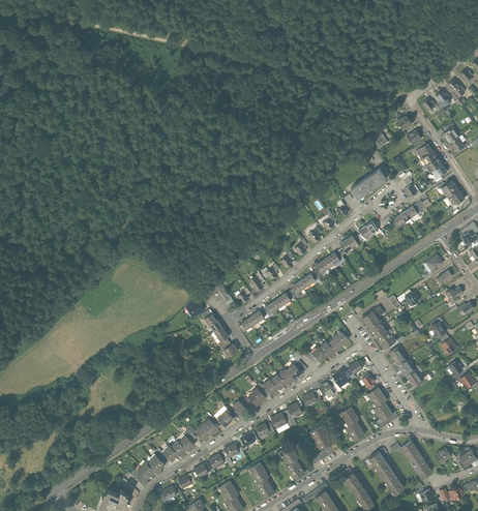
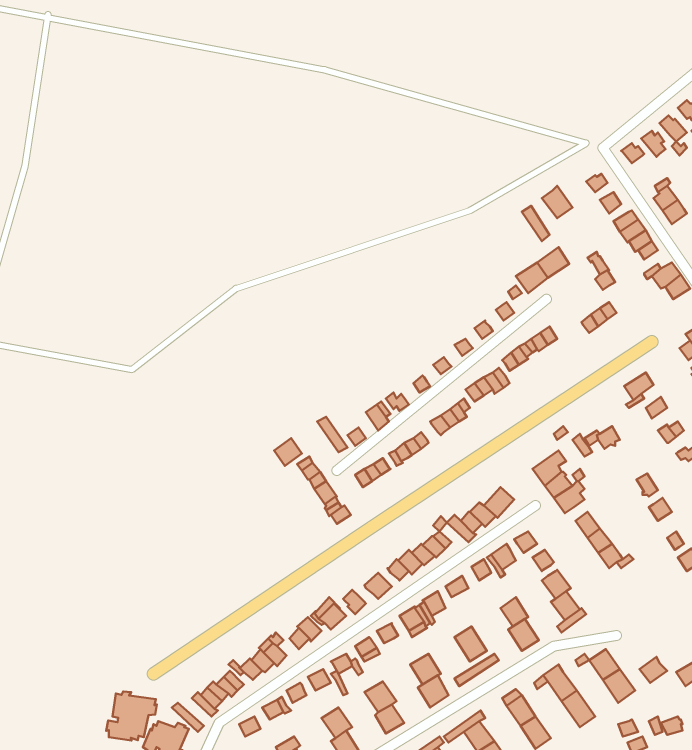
building: none -> [106,691,157,741]

